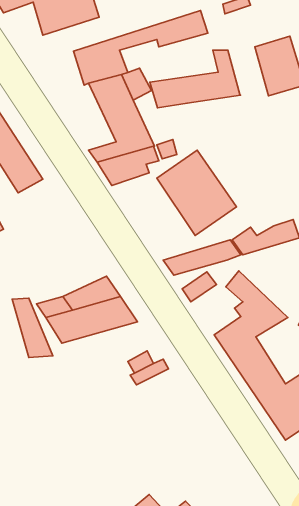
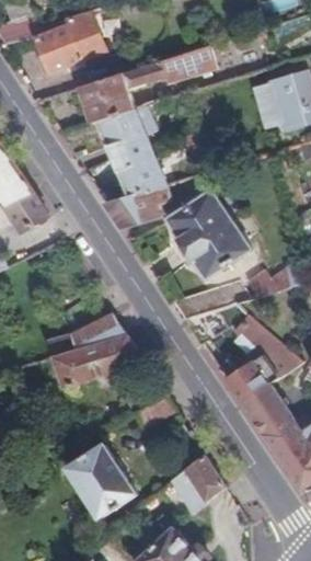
building: [150,50,240,108] -> none
building: [12,298,53,357] -> none
building: none -> [60,444,134,520]
building: none -> [170,456,226,514]

